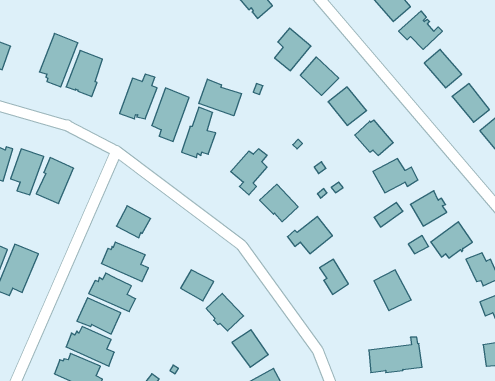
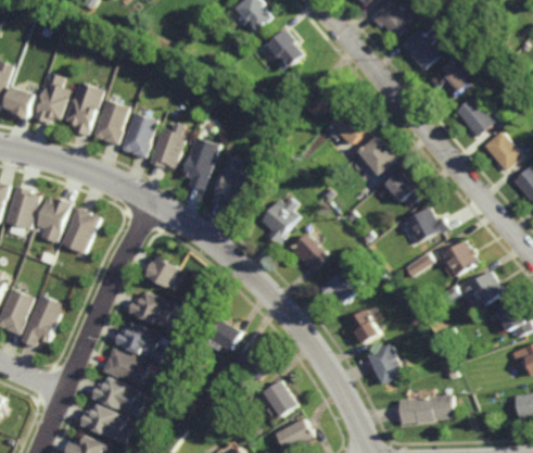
building: none -> [33,72,71,122]
building: none -> [120,110,155,160]
building: [199,79,242,116] -> none
building: [374,270,411,311] -> [366,344,404,386]

